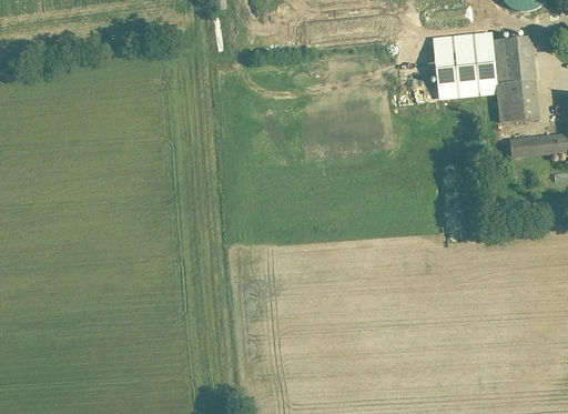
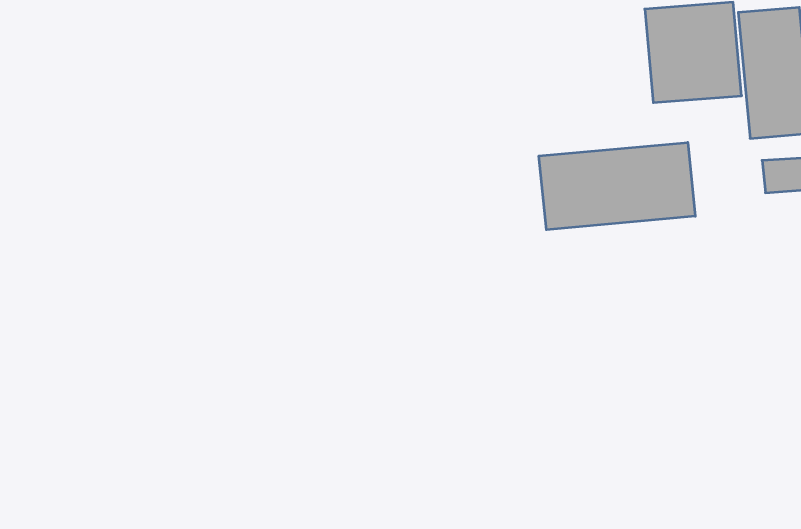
building: none -> [539,142,695,230]

